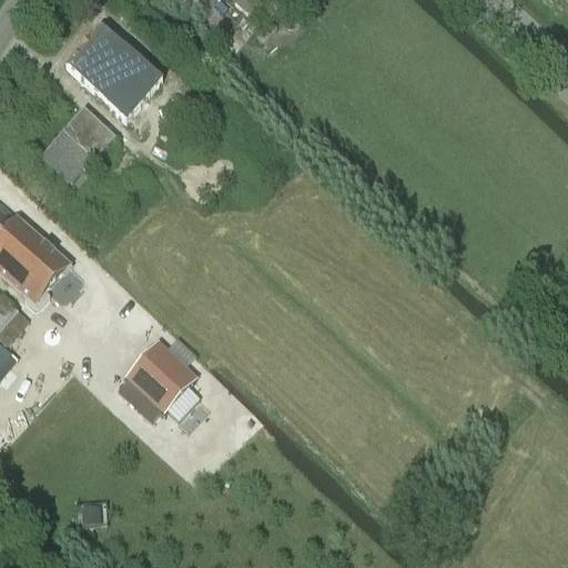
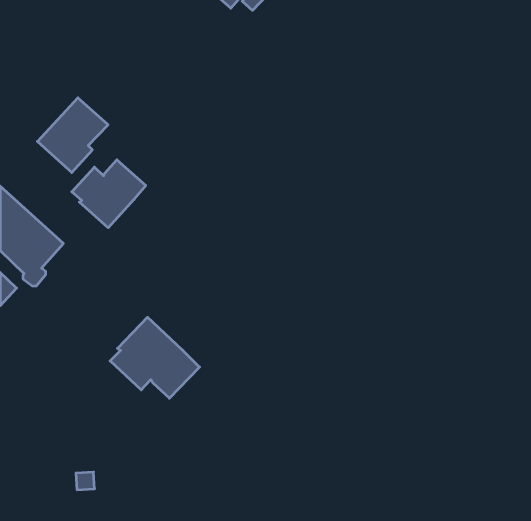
building: [65,22,162,118] -> none
building: none -> [72,160,146,228]

